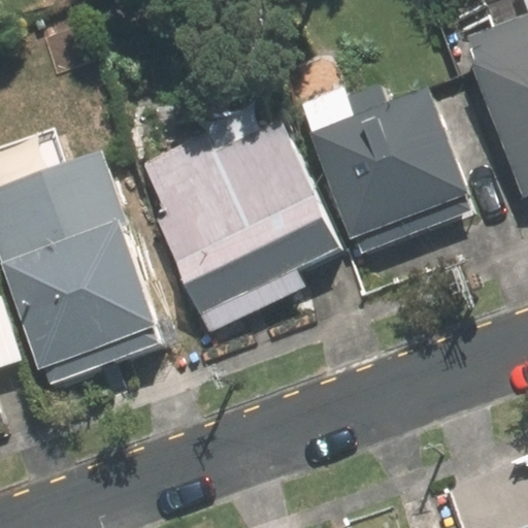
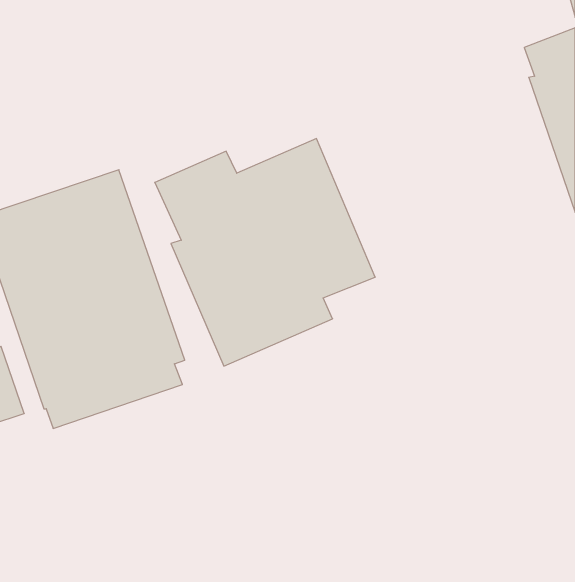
building: [303,84,471,248] -> none

